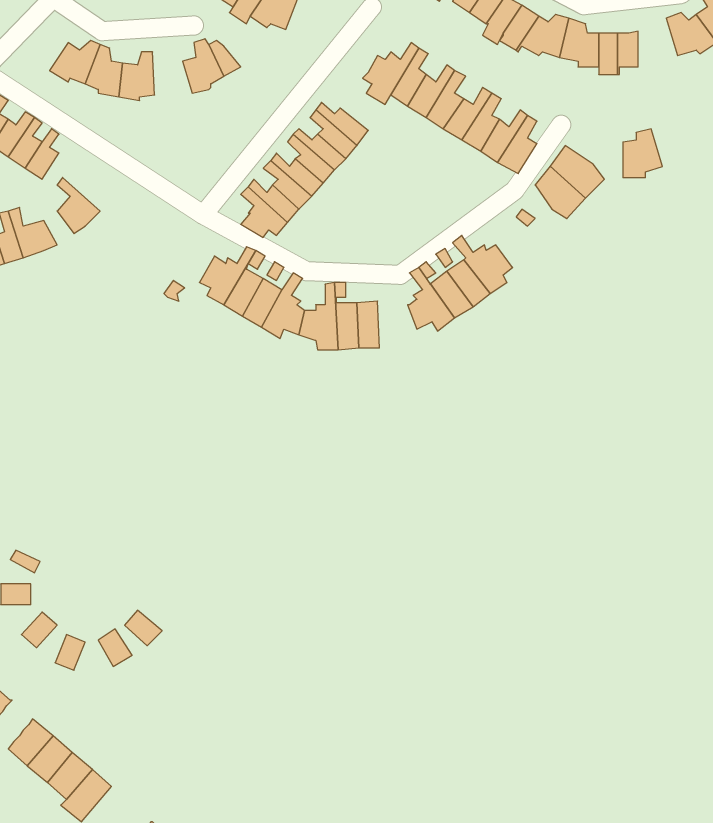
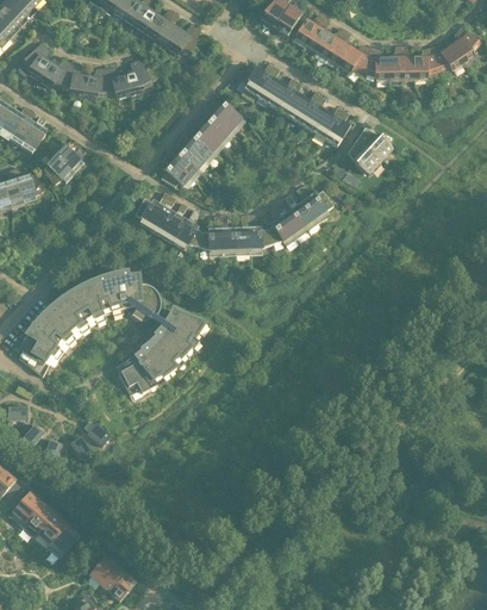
building: none -> [17,43,50,79]
building: none -> [104,67,129,97]
building: [623,129,662,178] -> [412,45,437,76]
building: none -> [46,141,85,168]
building: none -> [246,212,271,255]
building: none -> [18,275,160,375]
building: none -> [117,307,204,393]

